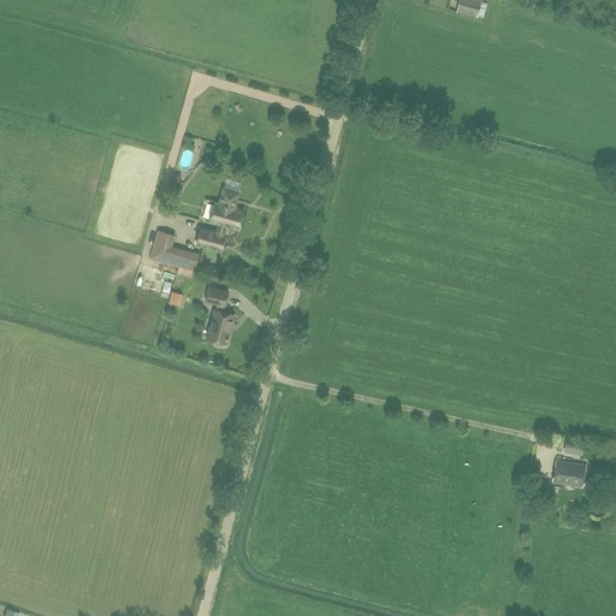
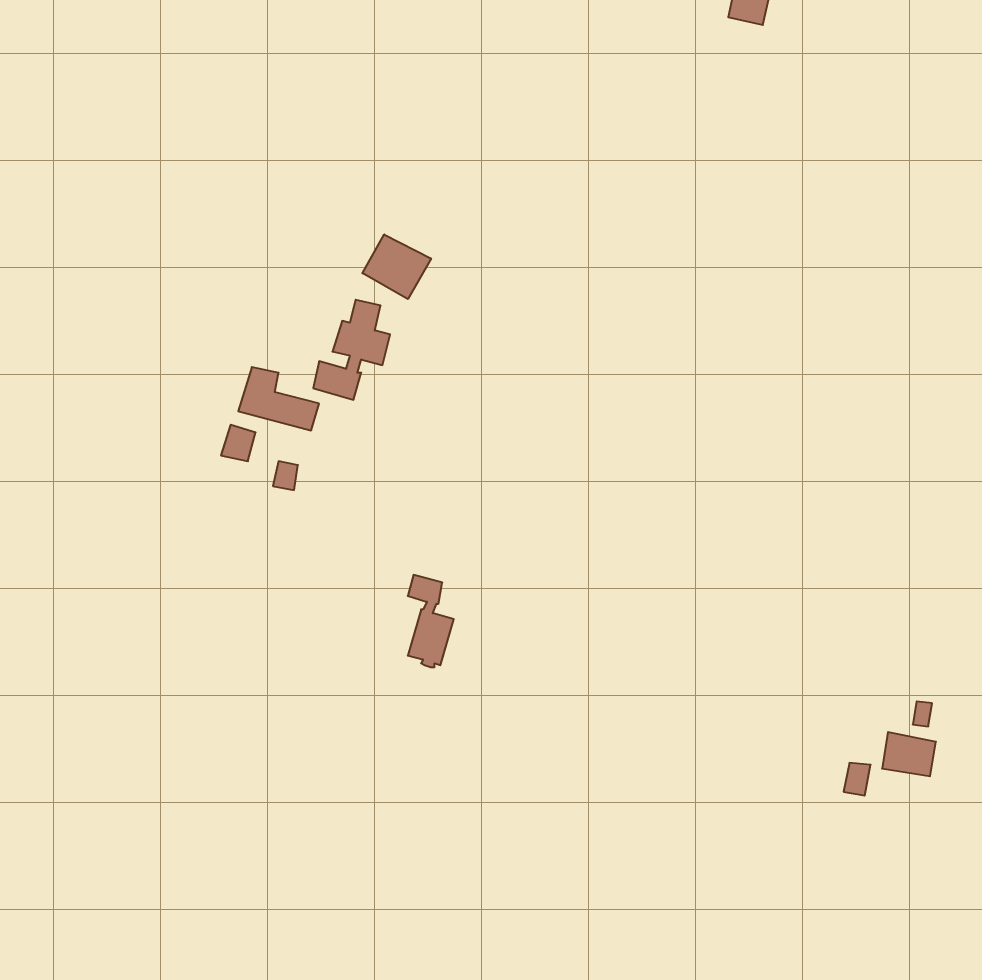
building: none -> [362,234,431,299]
building: [206,286,235,344] -> [408,575,454,667]

